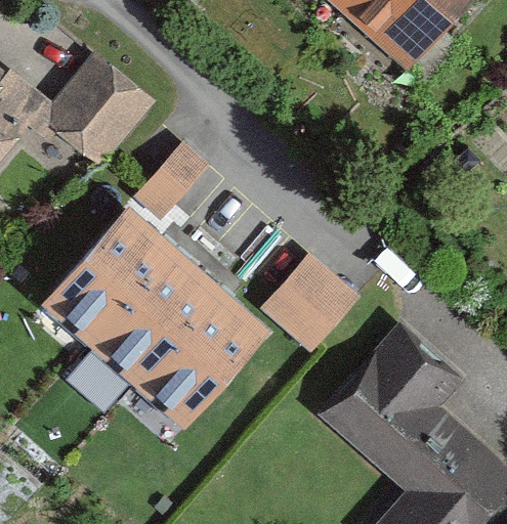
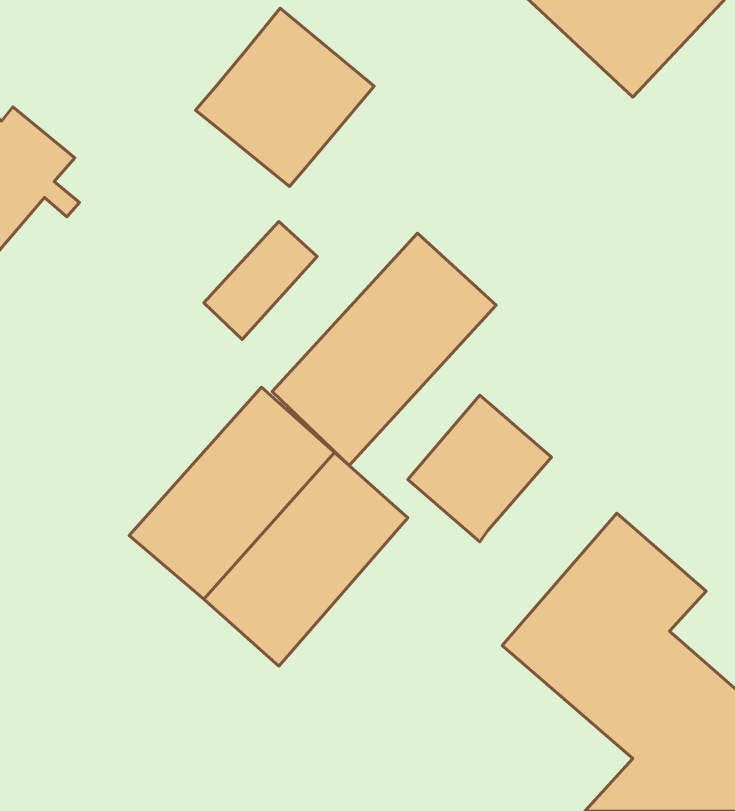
building: [38,51,153,166] -> [196,8,374,187]
building: none -> [272,233,496,466]
building: [44,211,171,344] -> none

